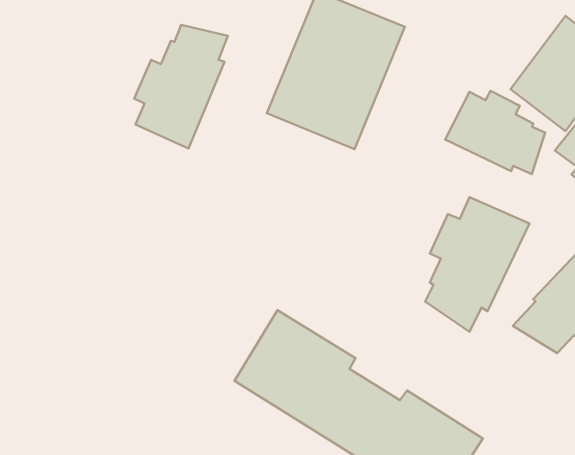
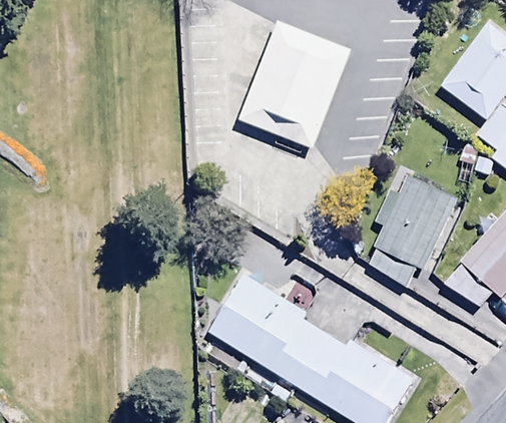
building: [134,25,228,149] -> none
building: [445,91,545,174] -> none

